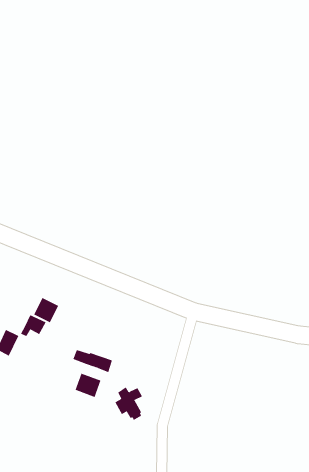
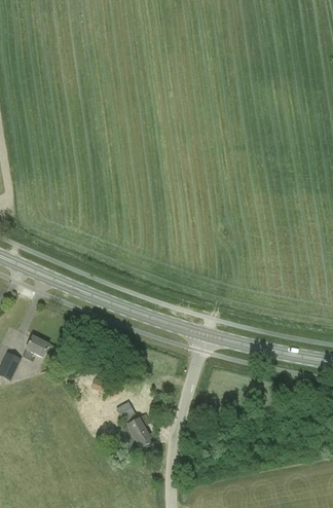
building: [34,297,59,323] -> none
building: [75,373,101,398] -> none

